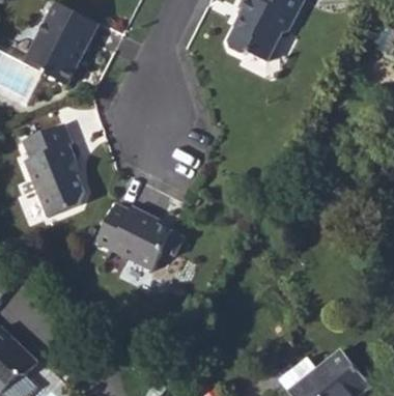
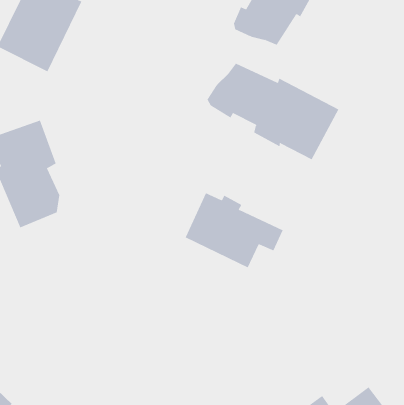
building: none -> [207,63,339,160]
building: [100,199,184,263] -> [185,192,284,268]

